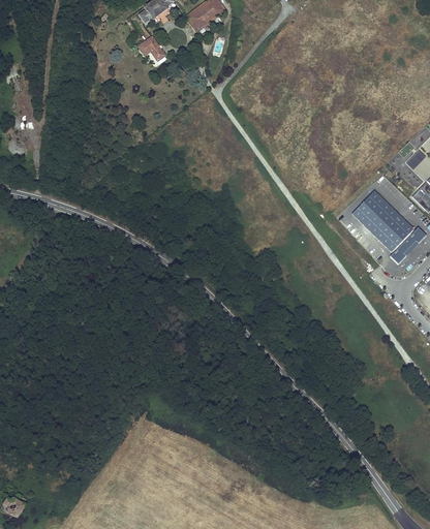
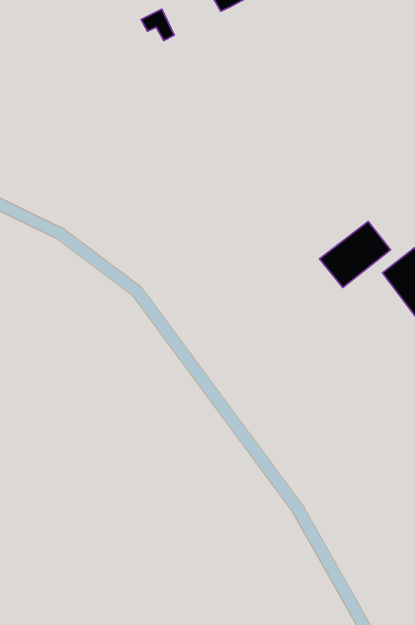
building: none -> [319,221,390,288]

